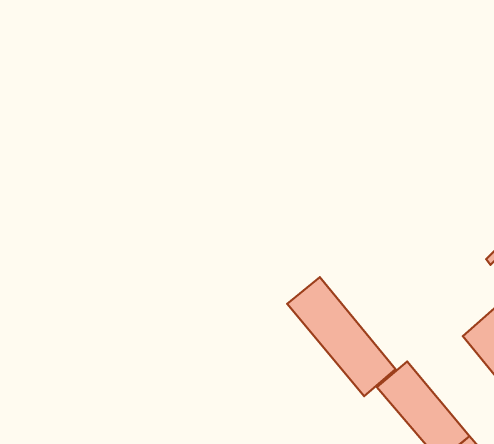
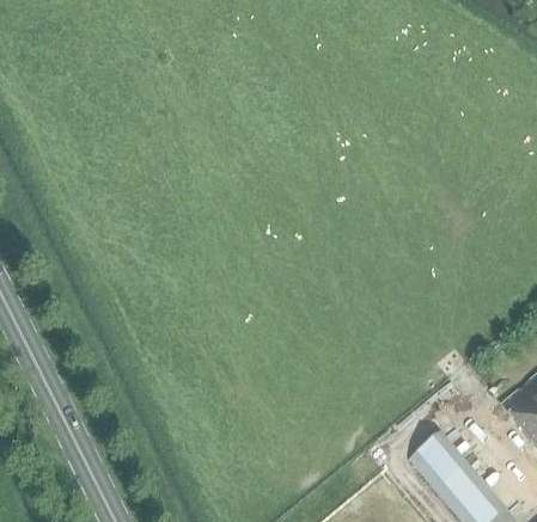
building: [287,277,395,396] -> none

